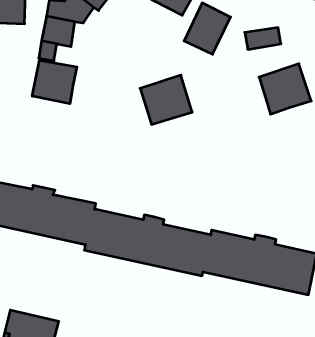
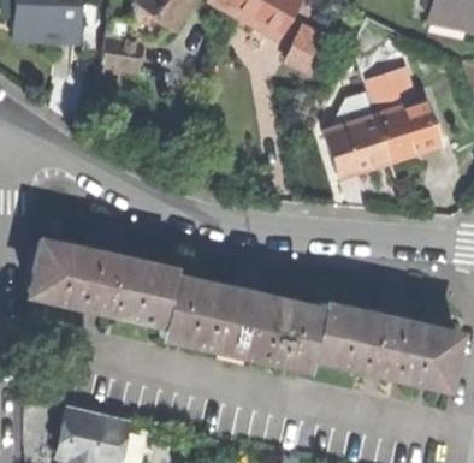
building: none -> [365,70,416,106]
building: [32,60,77,104] -> none
building: [140,75,192,124] -> [325,112,391,174]

